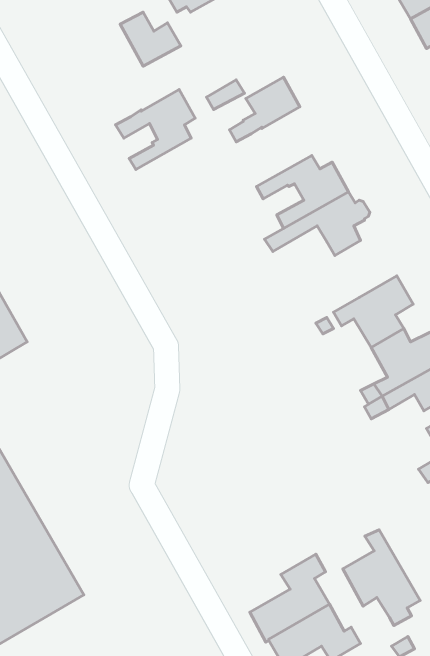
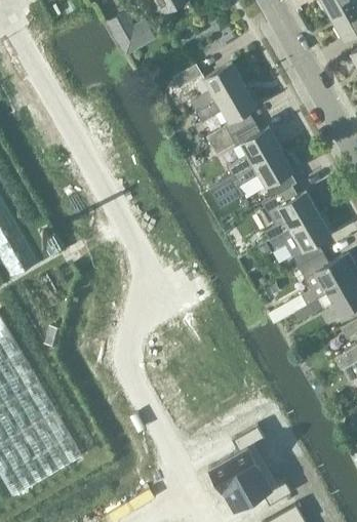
building: [116,90,195,169] -> [197,85,257,146]
building: none -> [264,187,319,241]
building: [343,530,420,625] -> none

